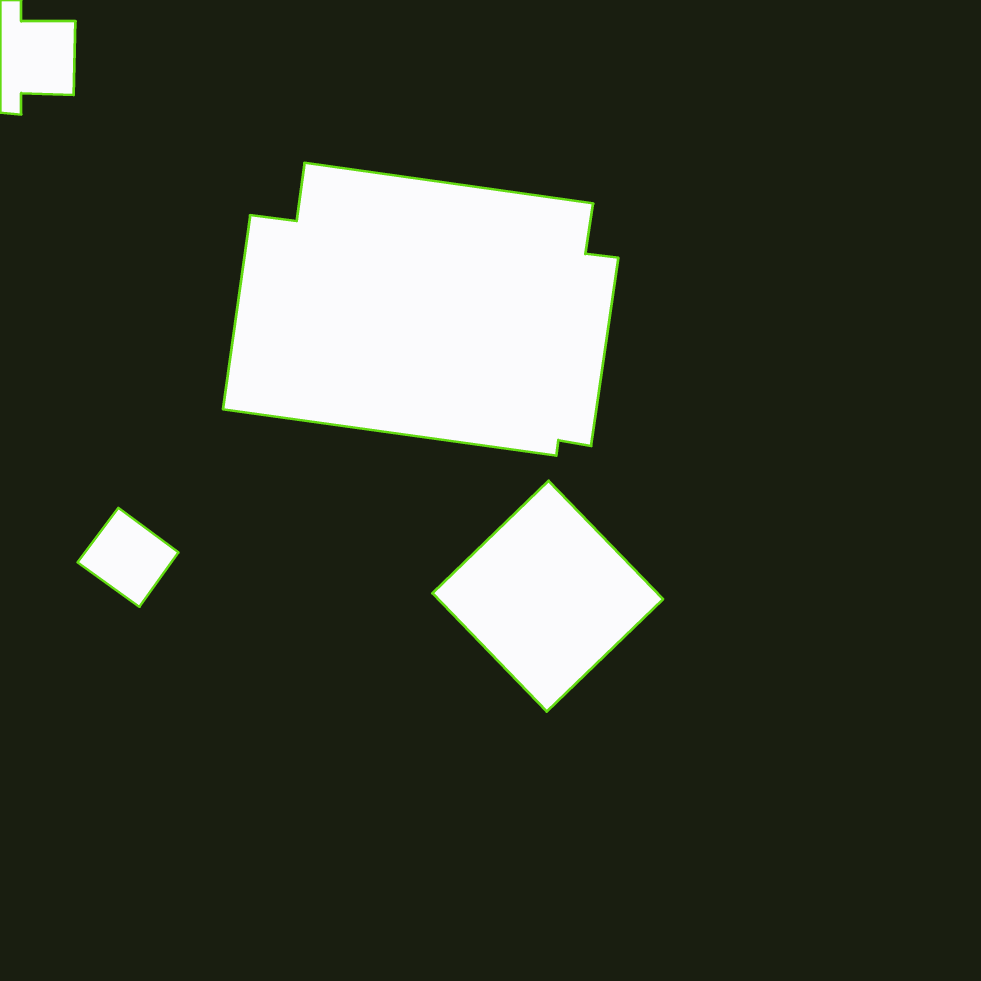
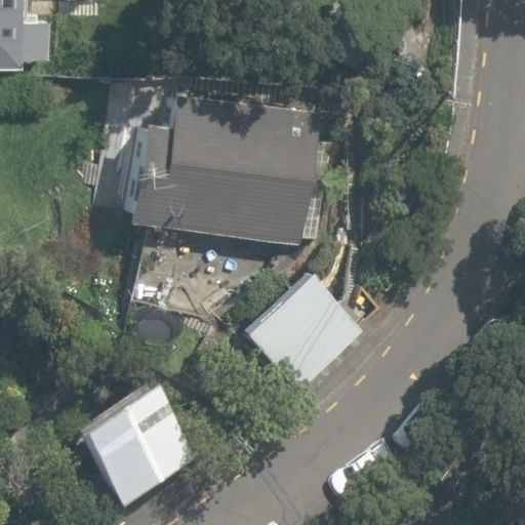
building: none -> [71,397,188,513]

